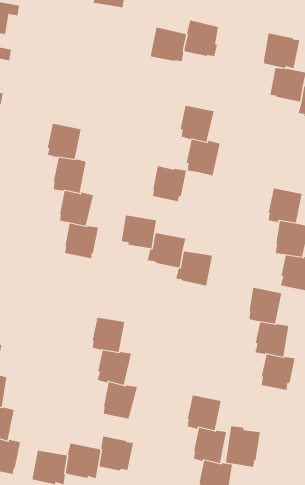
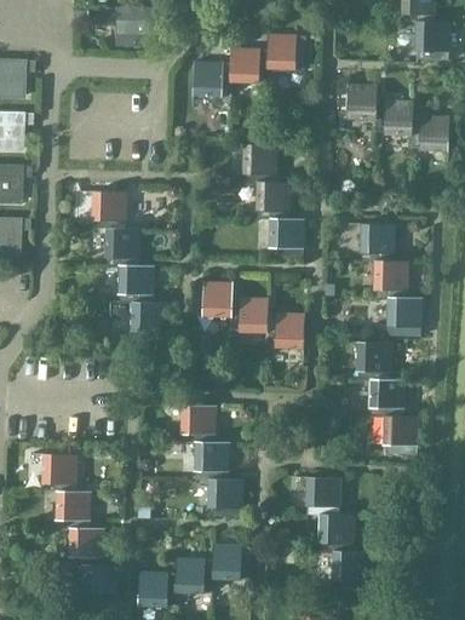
building: [263,33,300,69] -> [266,33,305,70]
building: [152,166,187,202] -> [269,219,305,257]
building: [225,425,260,468] -> none

